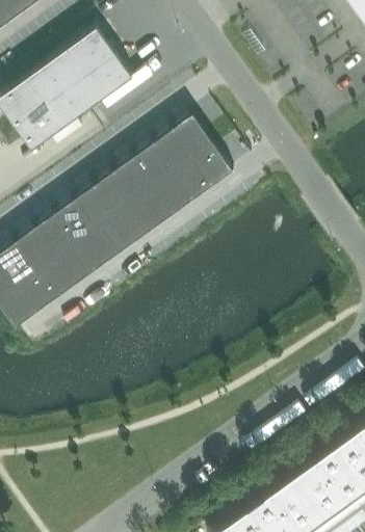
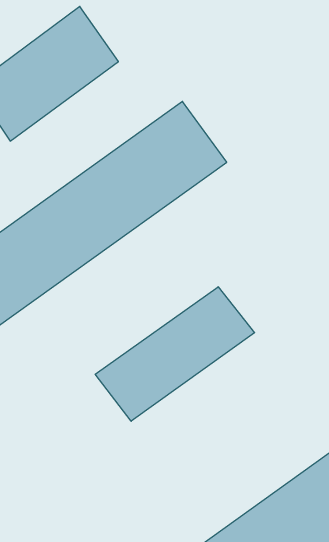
building: none -> [95,287,255,421]

